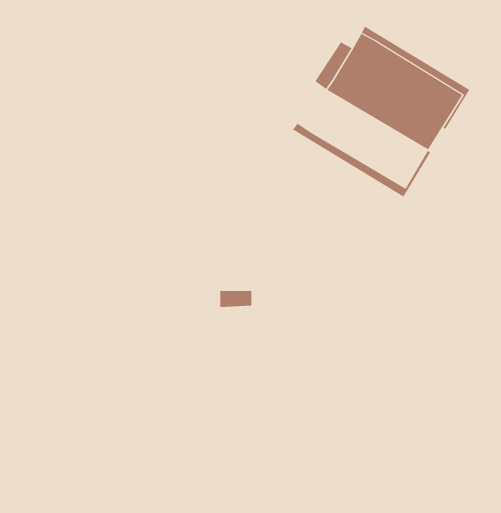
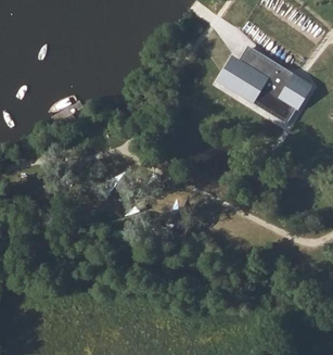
building: [292,123,431,197] -> none

